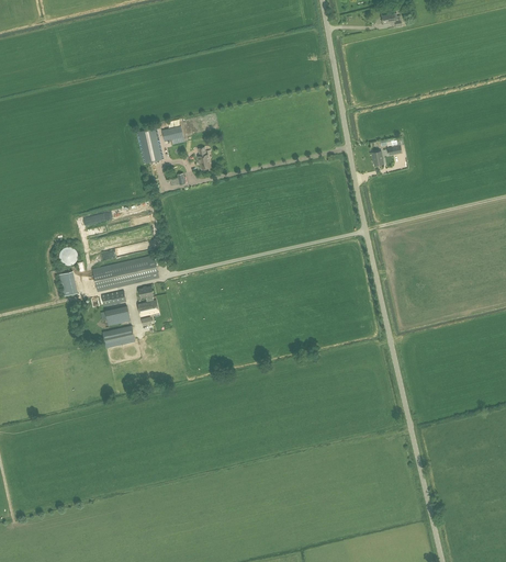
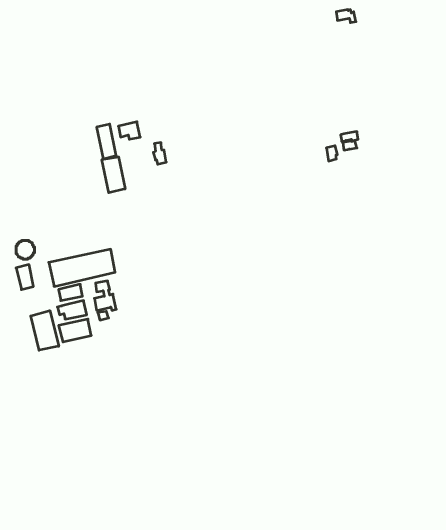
building: none -> [102,157,125,193]
building: none -> [31,311,59,350]

